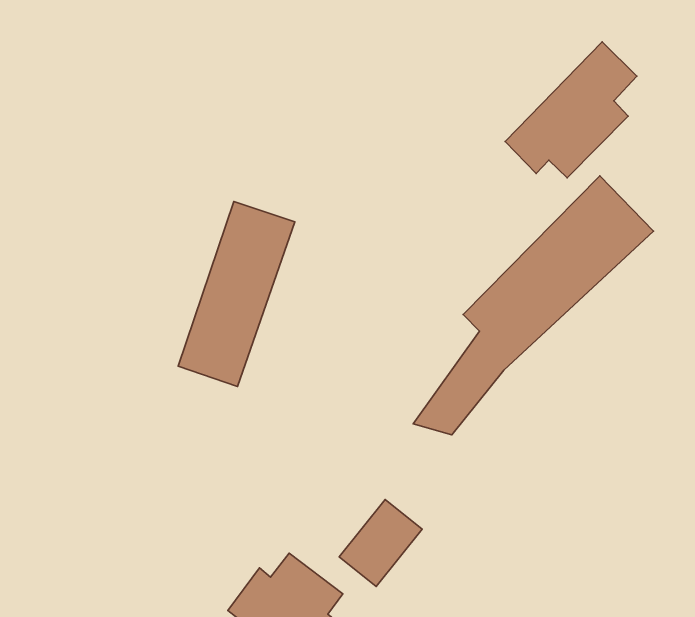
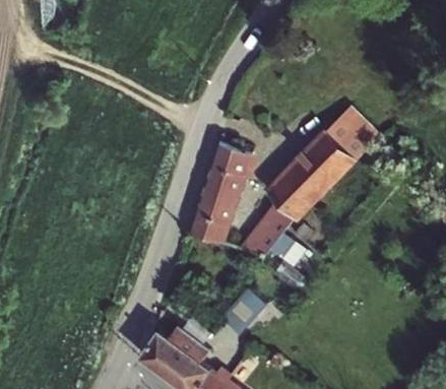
building: [505,42,637,178] -> none
building: [178,202,295,387] -> [190,140,254,242]

